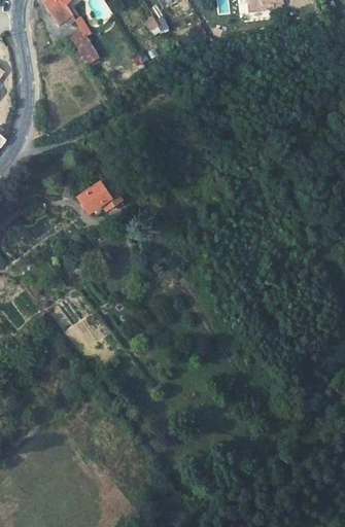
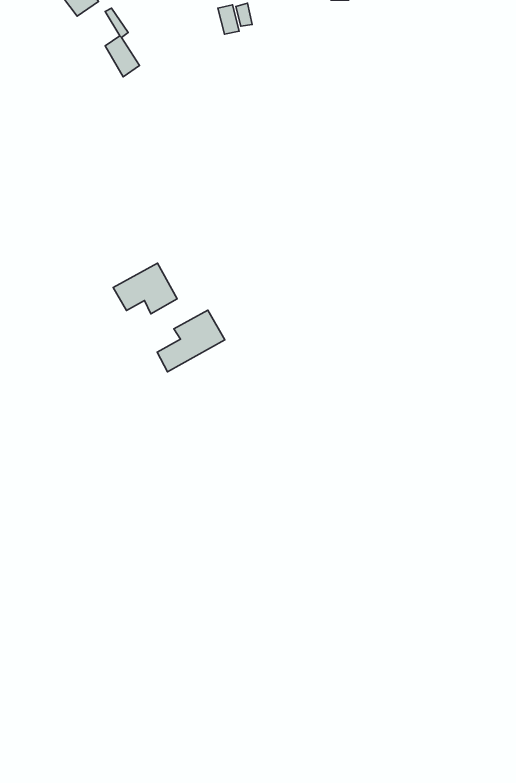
building: none -> [157,310,225,372]

